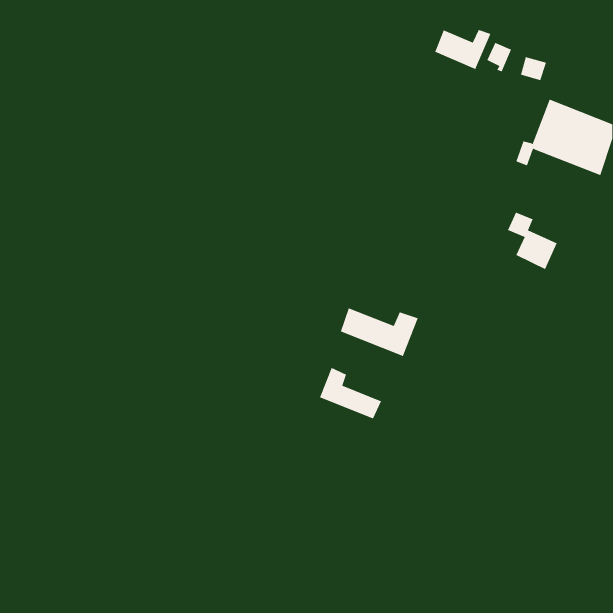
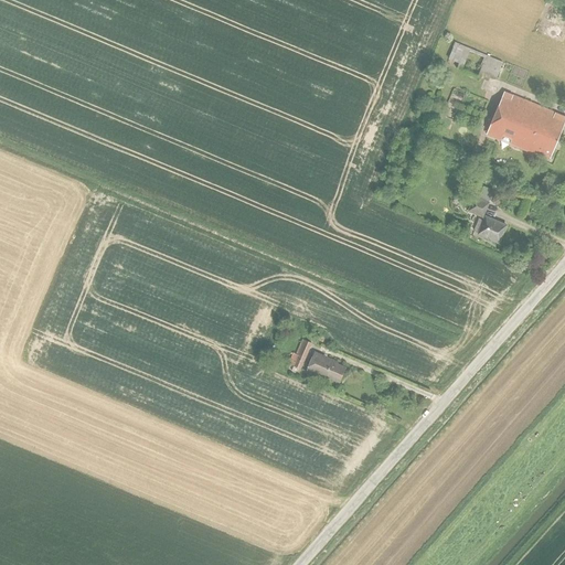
building: [435,29,491,70] -> none
building: [340,307,419,357] -> none

